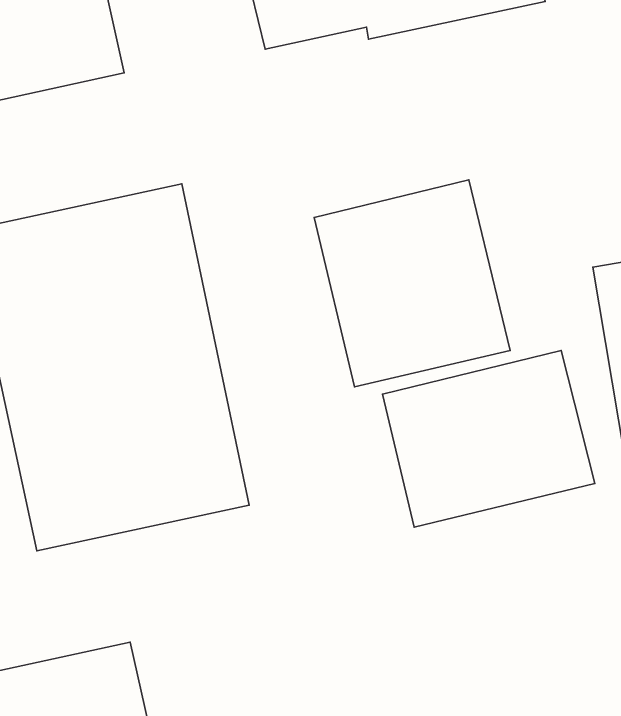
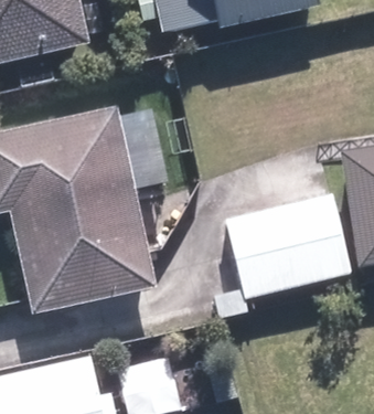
building: [314,180,510,387] -> none

